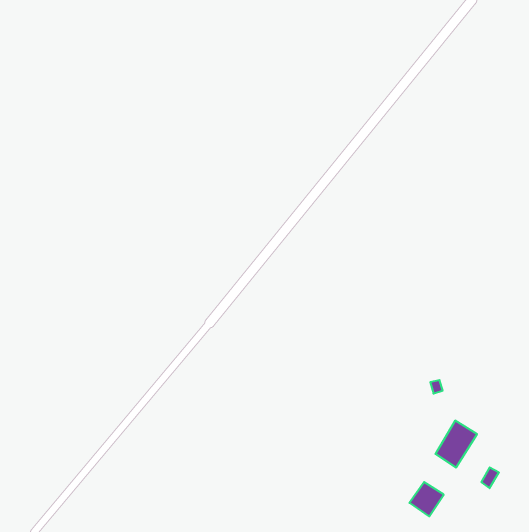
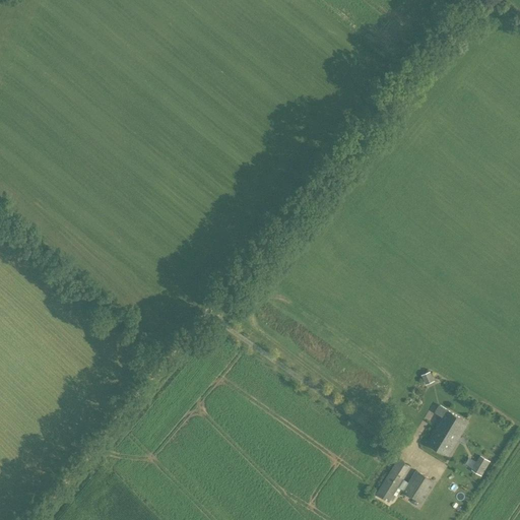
building: none -> [374,459,409,503]

